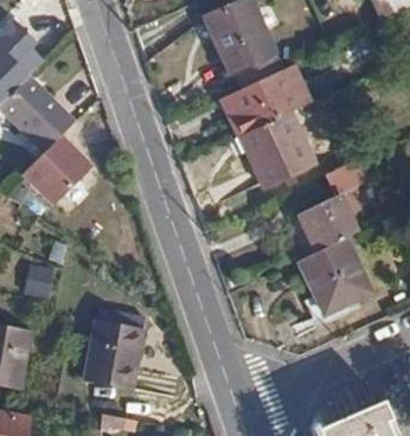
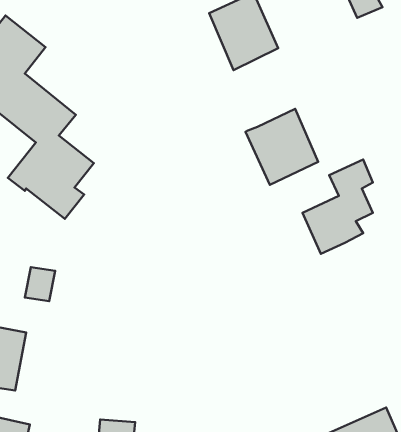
building: [236,66,306,132] -> none
building: [299,238,370,314] -> none
building: [79,326,139,396] -> none

